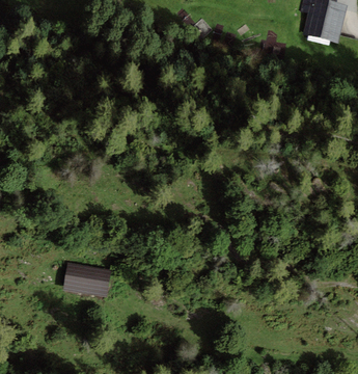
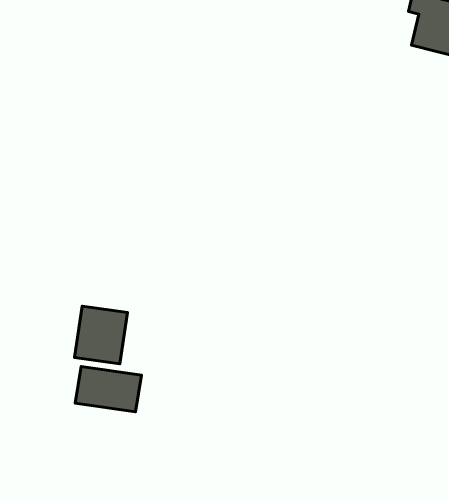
building: none -> [75,306,127,364]

